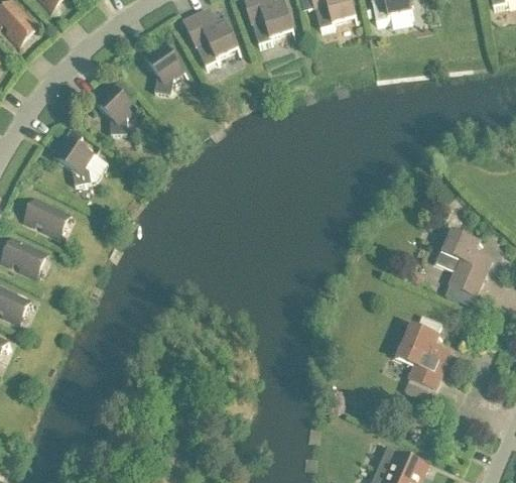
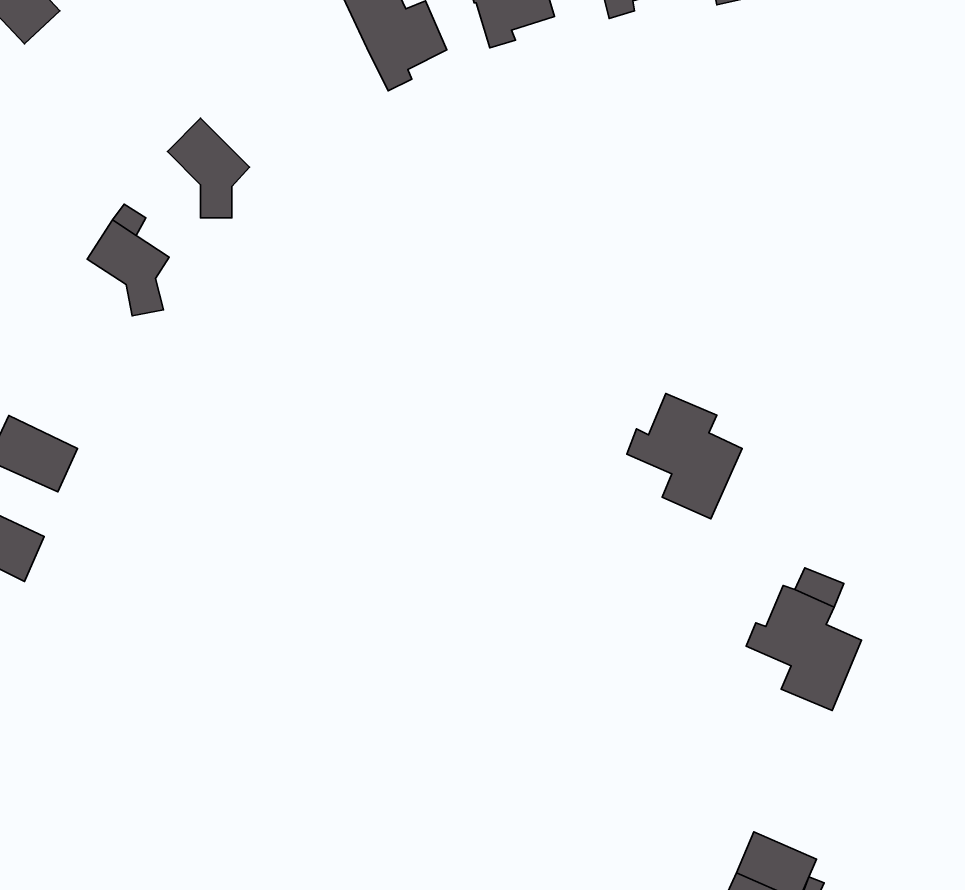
building: [143,40,183,94] -> none
building: [23,196,70,235] -> none
building: [431,229,491,293] -> [627,394,742,519]

